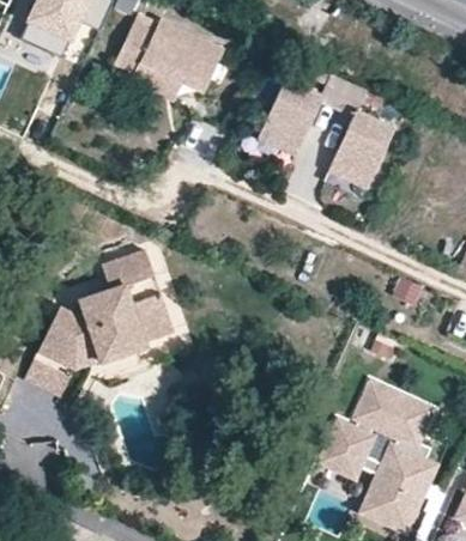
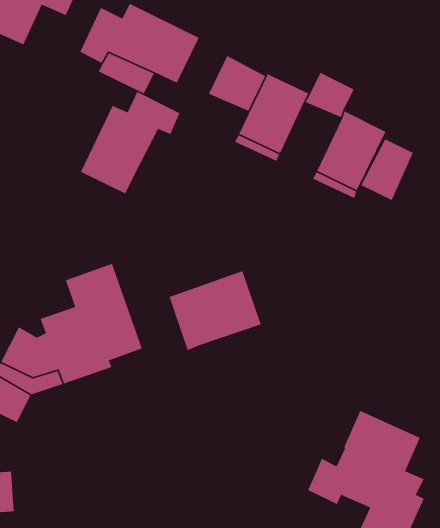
building: none -> [208,55,266,112]
building: none -> [80,91,181,194]
building: none -> [360,138,414,201]
building: none -> [168,270,262,351]

